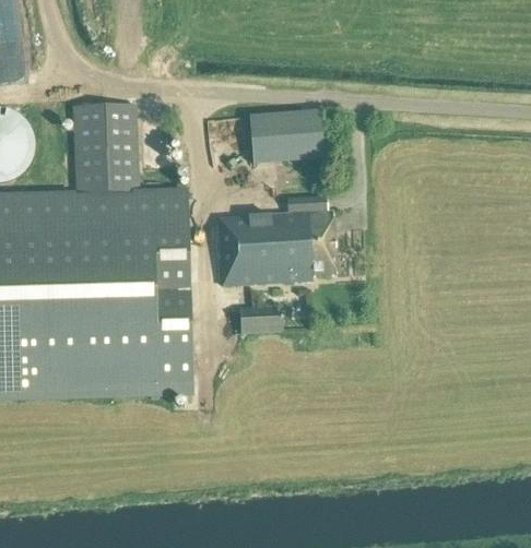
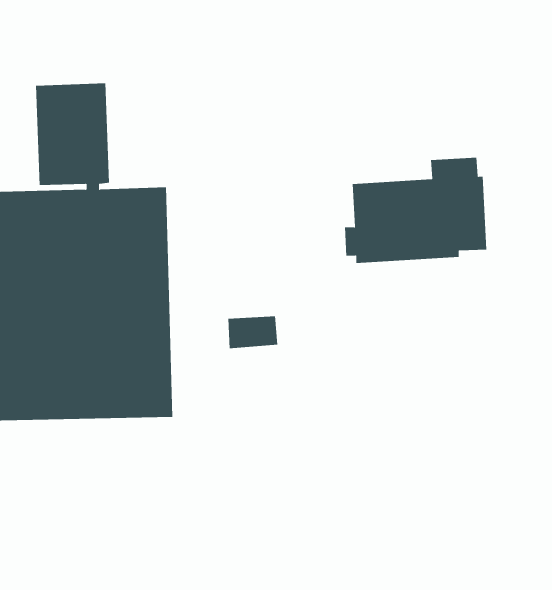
building: [248,110,323,163] -> none
building: [212,194,335,286] -> [344,157,487,264]

